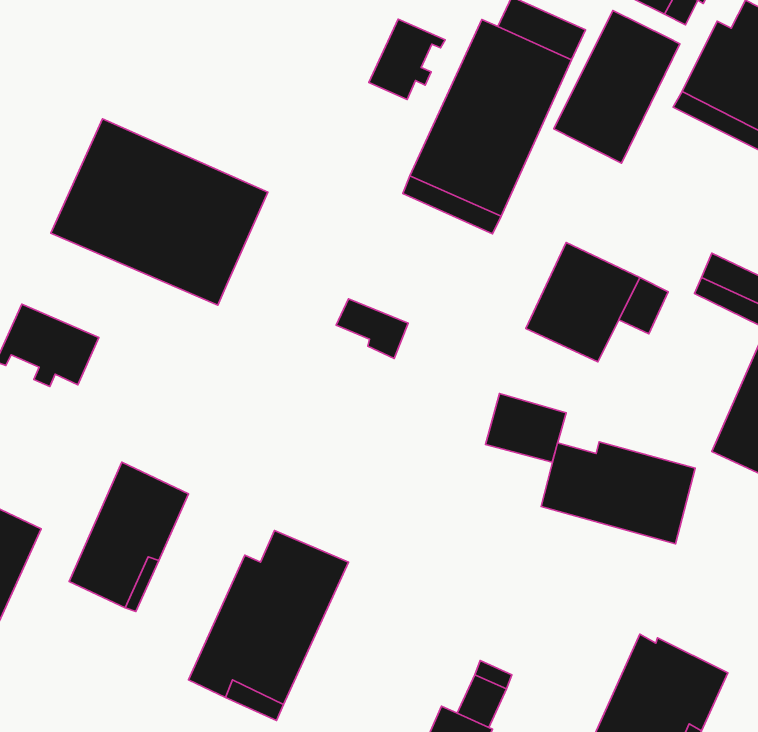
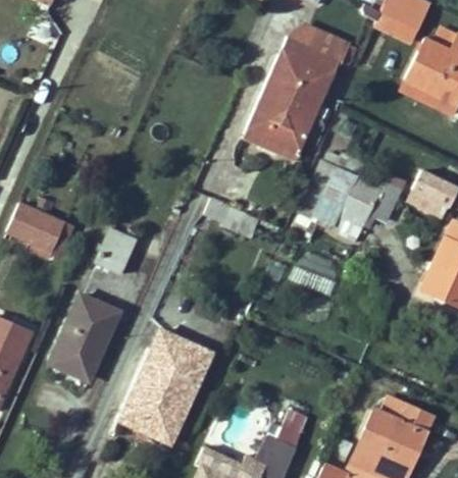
building: [554,10,680,163] -> none
building: [369,19,445,100] -> none
building: [51,119,268,305] -> none
building: none -> [95,228,137,274]
building: [541,442,695,544] -> none

